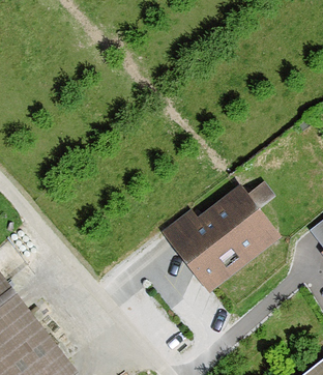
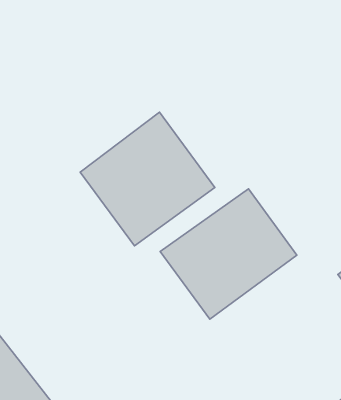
building: none -> [80,112,215,246]

